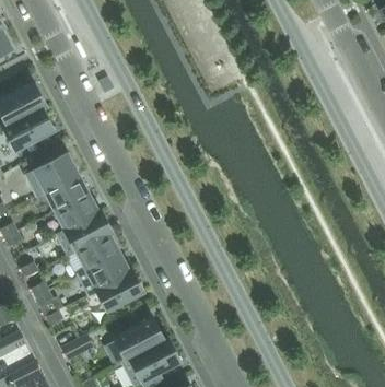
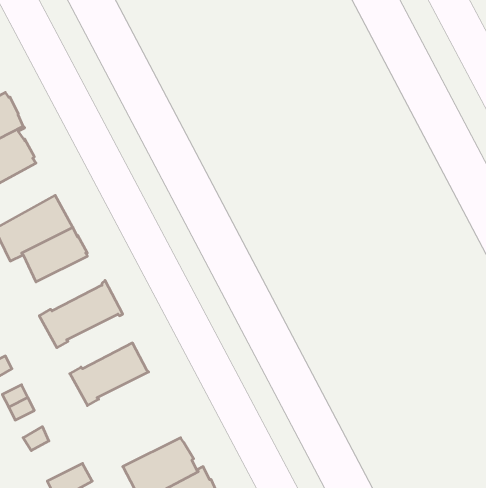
building: [54,195,98,232] -> none
building: [74,234,119,271] -> none
building: [95,271,143,312] -> none

